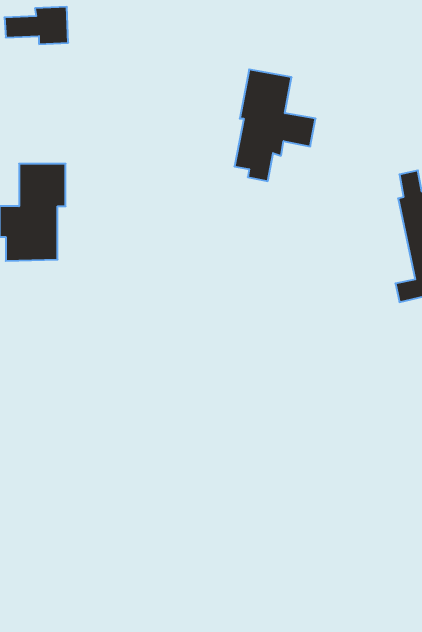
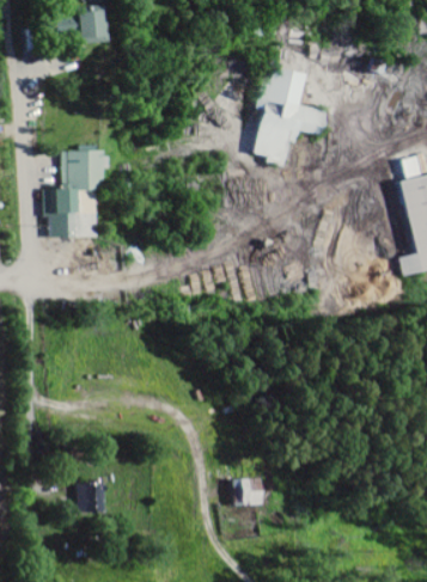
building: none -> [236,478,266,504]
building: none -> [80,483,106,514]

